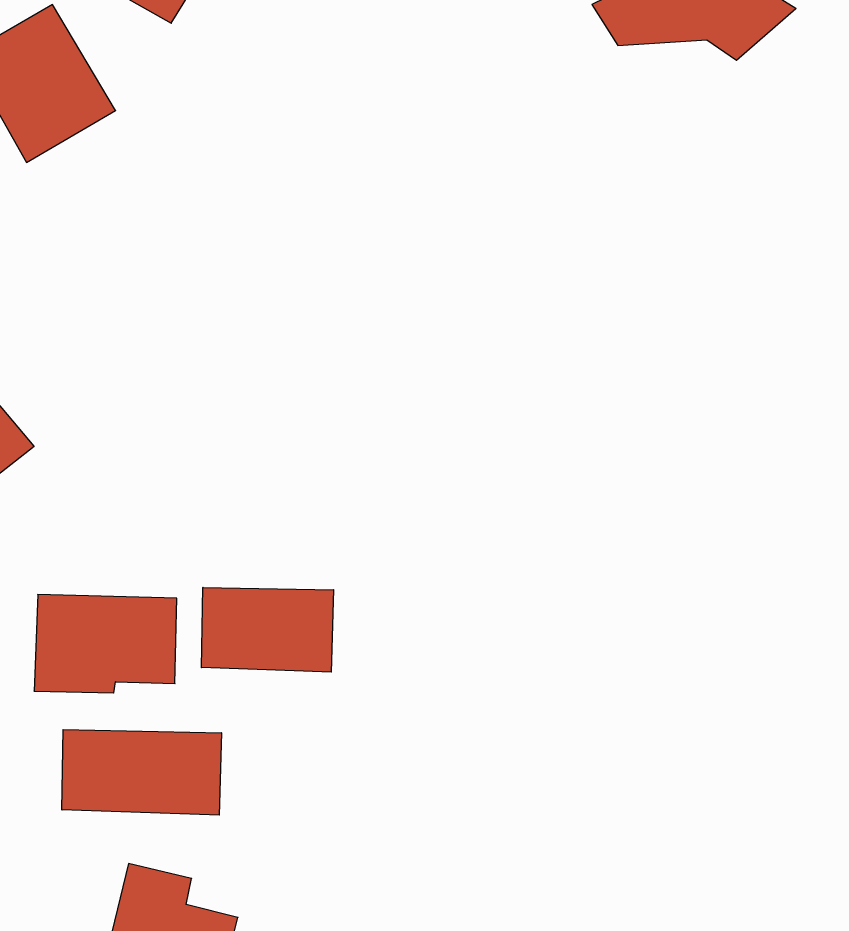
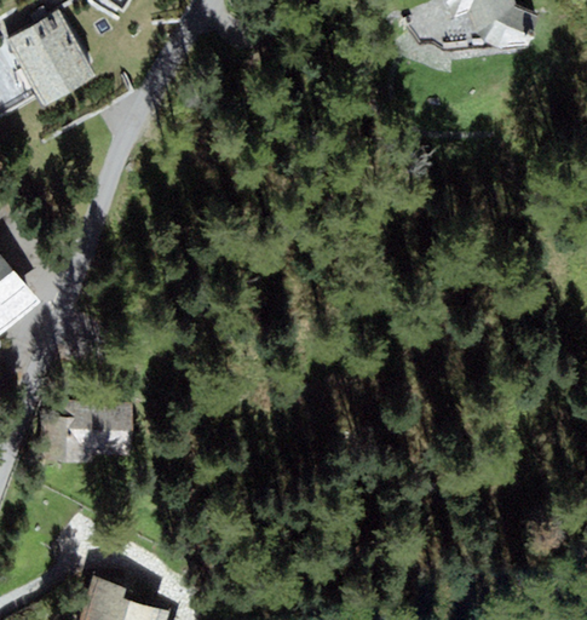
building: [201,587,334,672] -> none
building: [62,730,221,815] -> none

